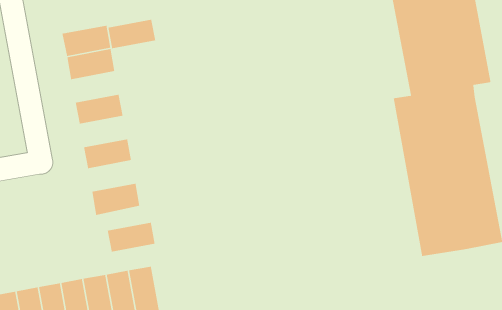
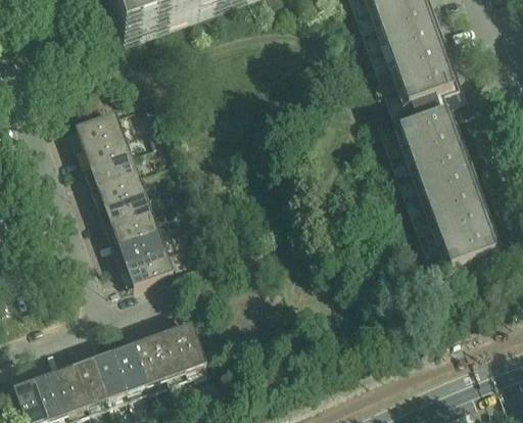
building: [107,19,156,49] -> [90,151,136,185]
building: none -> [104,190,150,224]
building: [107,222,156,252] -> [118,229,164,263]

